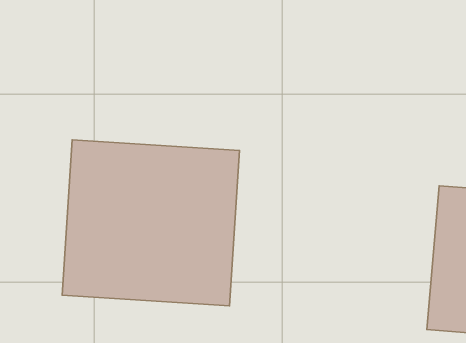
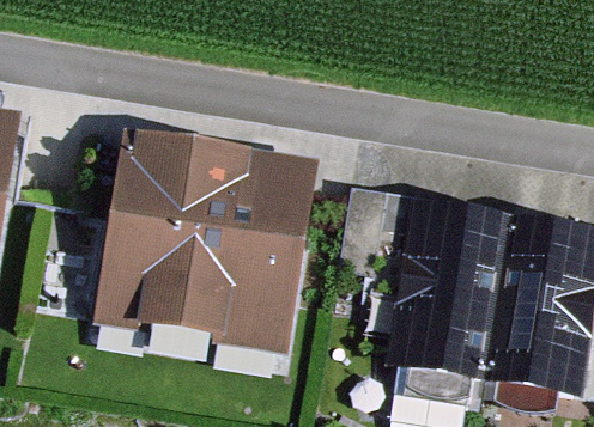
building: none -> [399,219,510,378]

